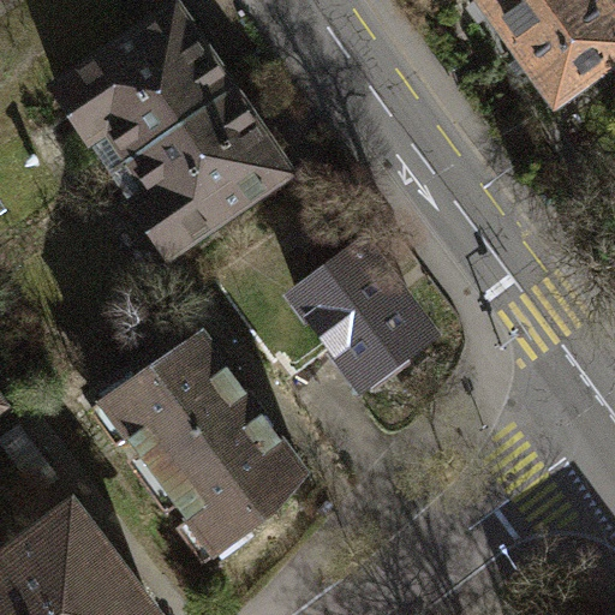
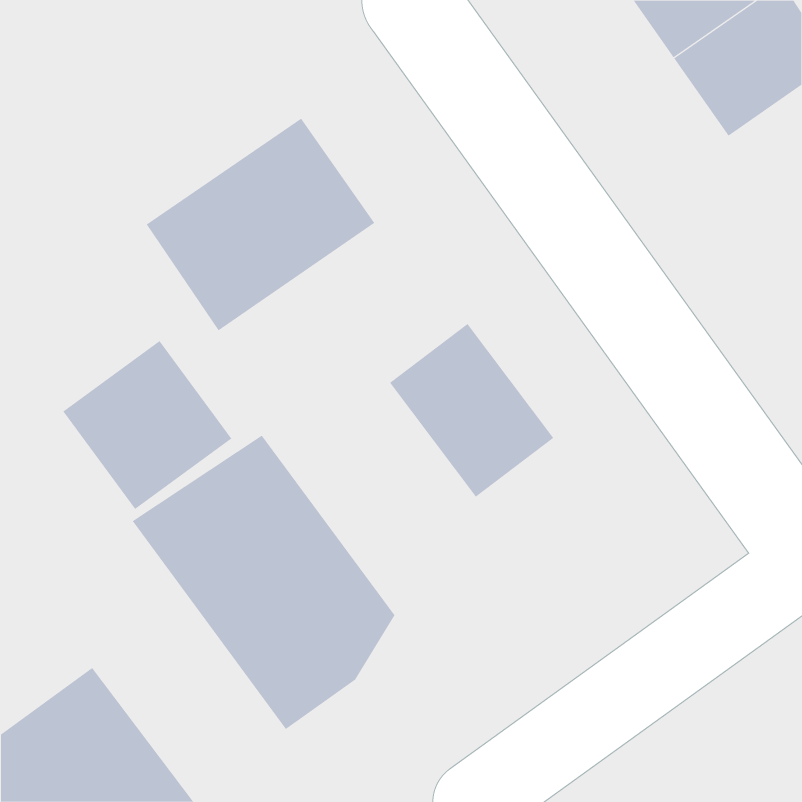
building: [55,8,231,172] -> none
building: none -> [62,340,232,510]

